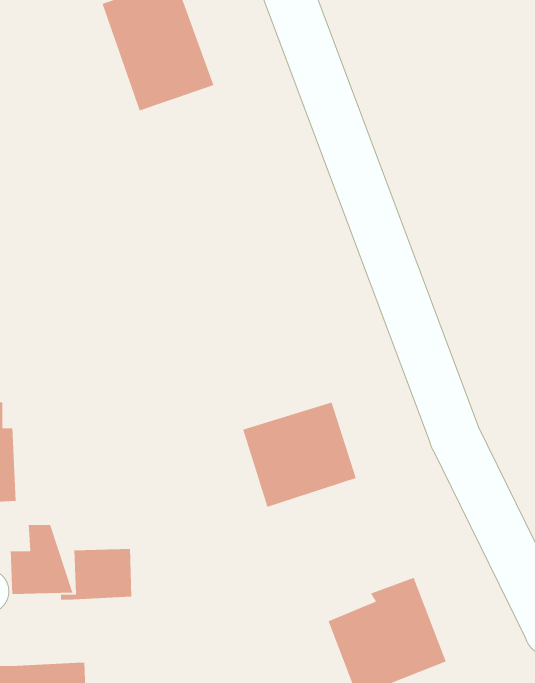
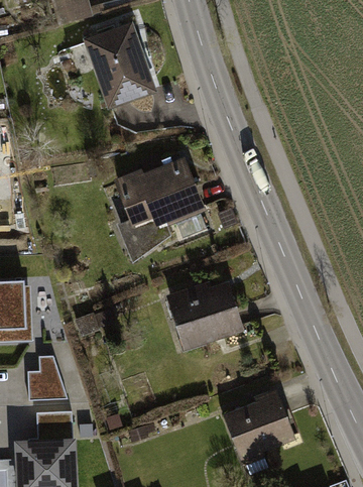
building: none -> [118,156,203,257]
building: [60,548,132,600] -> [27,410,72,443]

